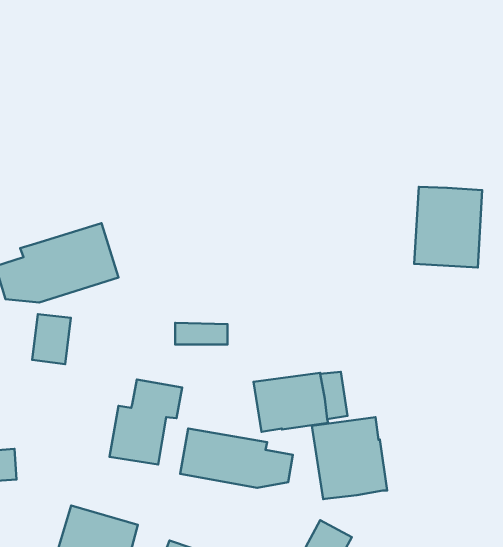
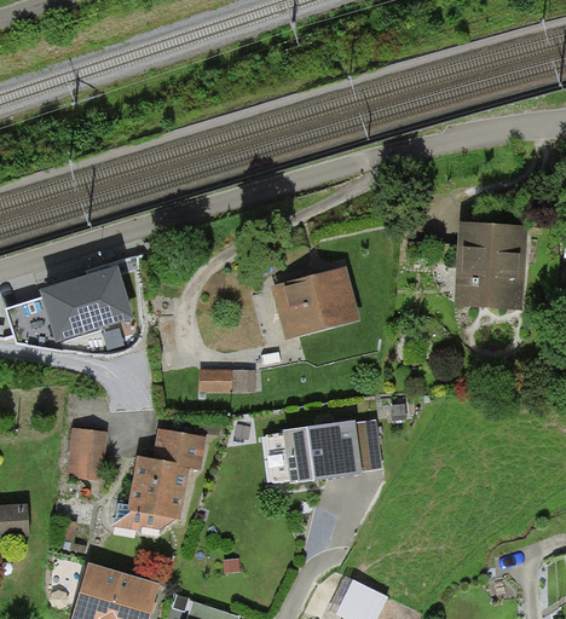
building: none -> [271,266,360,340]
building: [32,314,71,364] -> [65,428,106,481]
building: [312,417,387,499] -> none
building: [180,428,293,488] -> none

